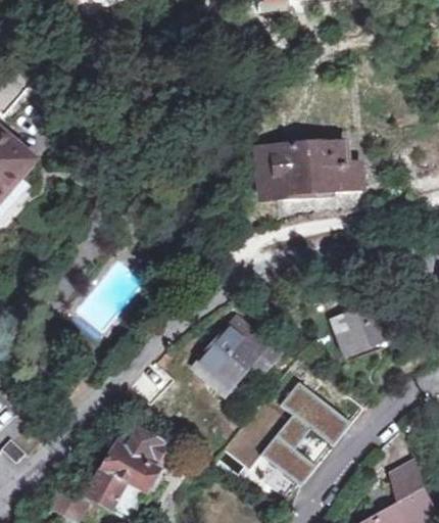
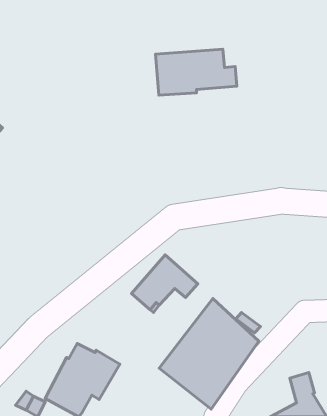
building: [258,141,359,198] -> [155,49,237,95]
building: [335,302,388,347] -> none

